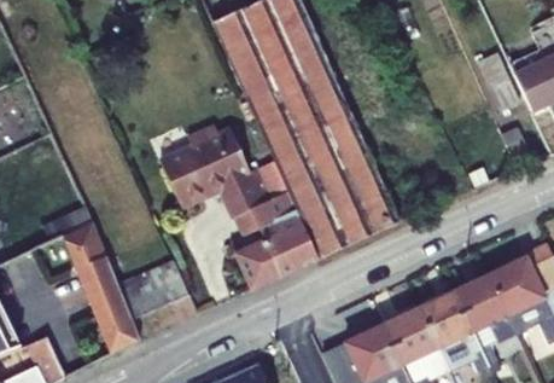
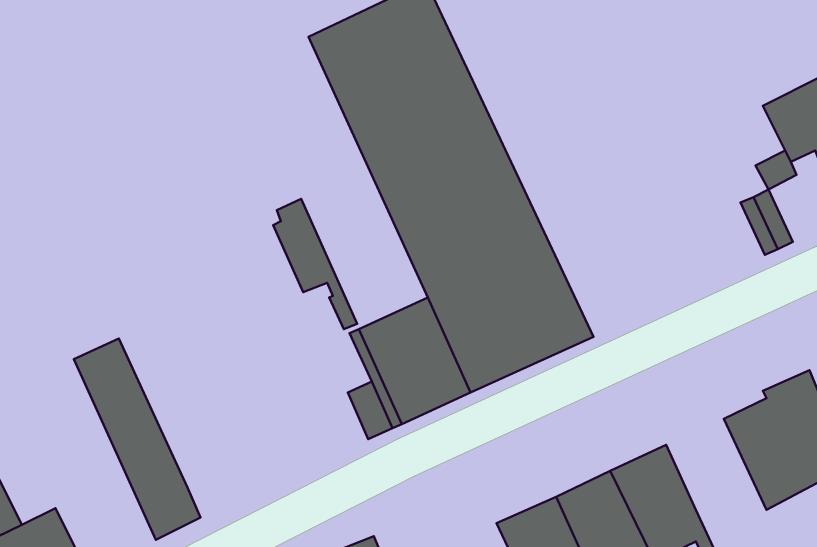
building: [208,127,272,211] -> none
building: [163,147,209,207] -> none
building: [119,261,188,318] -> none
building: [444,273,509,341] -> none

